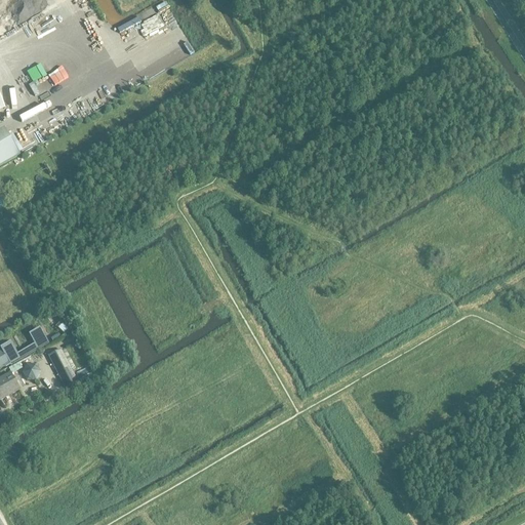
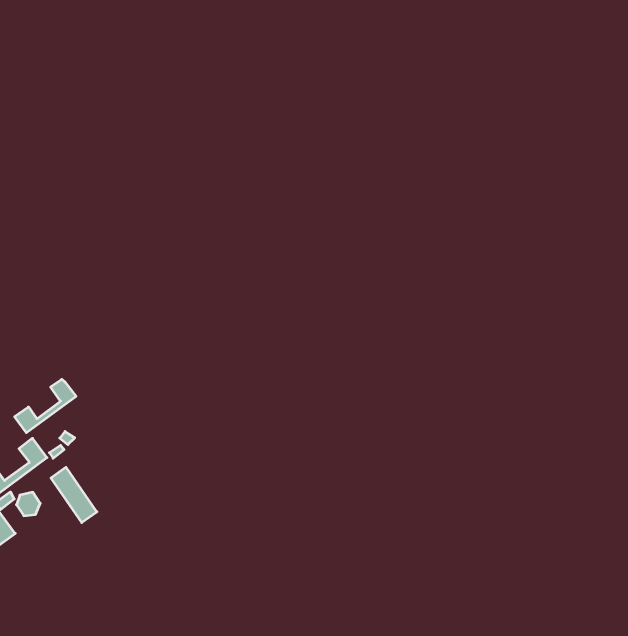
building: none -> [15,379,76,433]

